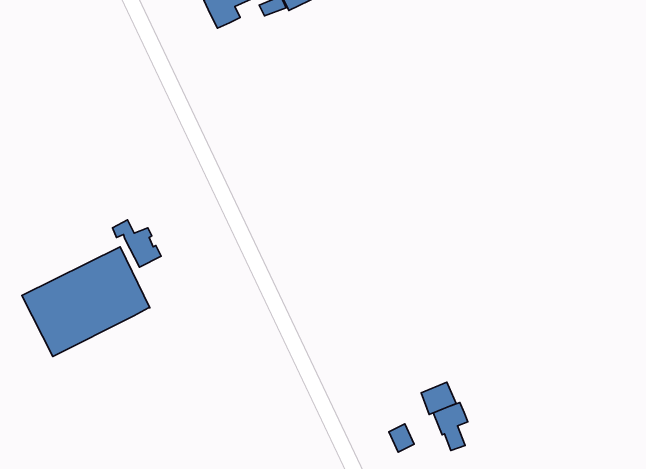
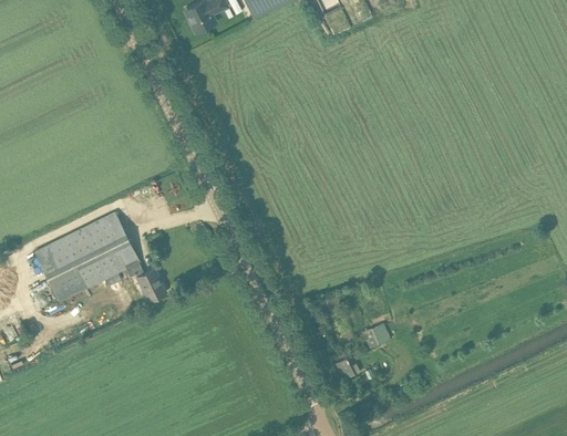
building: [113,220,161,267] -> [126,261,166,300]
building: [433,402,468,450] -> none

